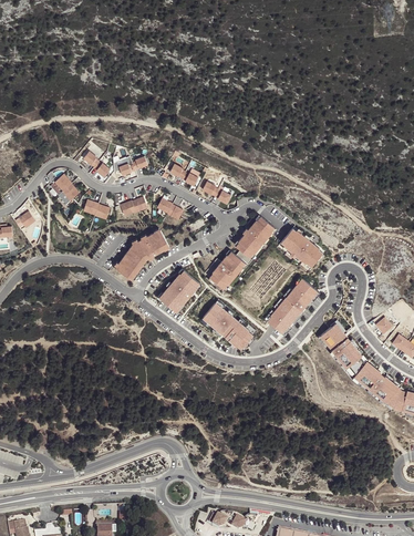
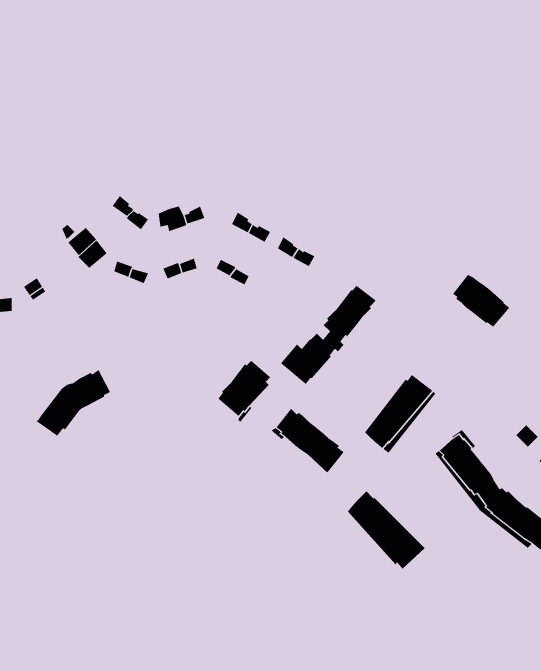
building: [115,228,169,277] -> [36,369,111,437]
building: [279,228,321,267] -> [452,274,510,328]
building: none -> [347,490,425,569]

